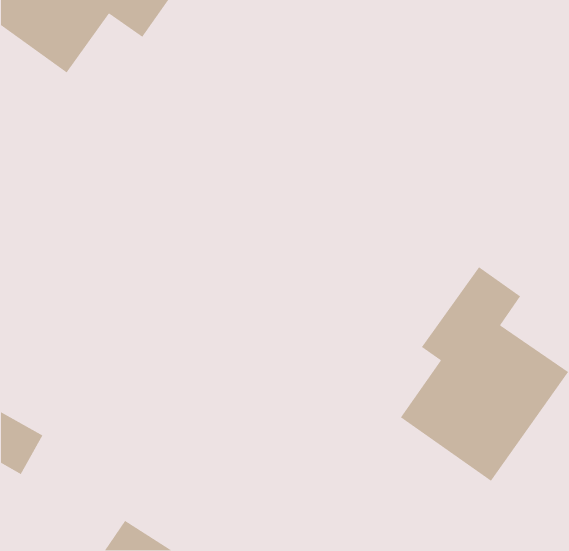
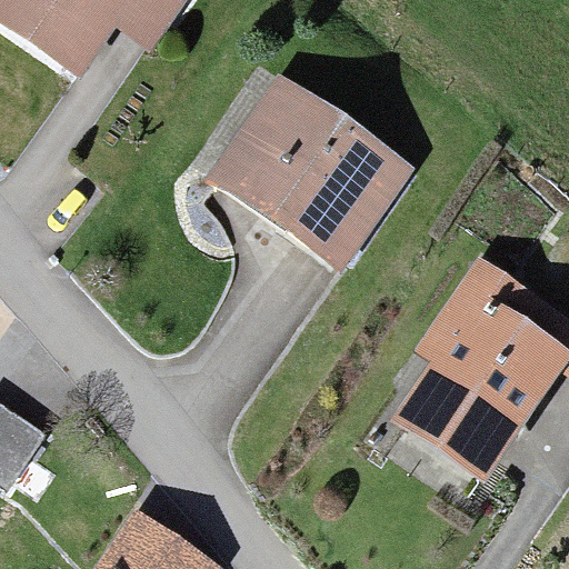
building: none -> [212,94,396,264]

